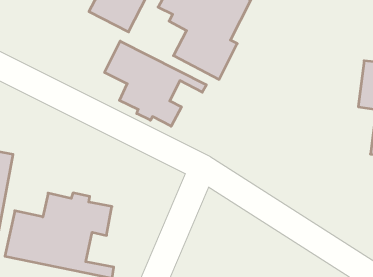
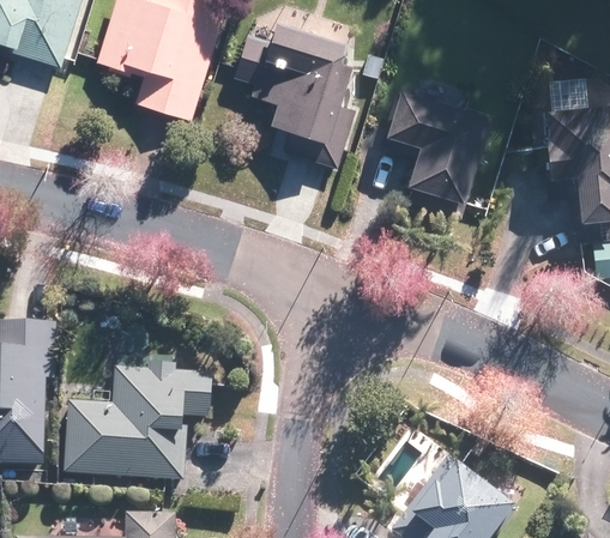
building: none -> [392,84,491,195]
building: [105,41,206,126] -> none

